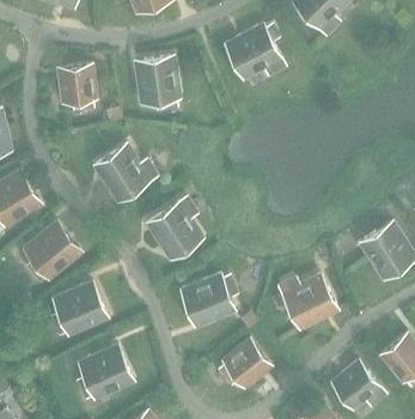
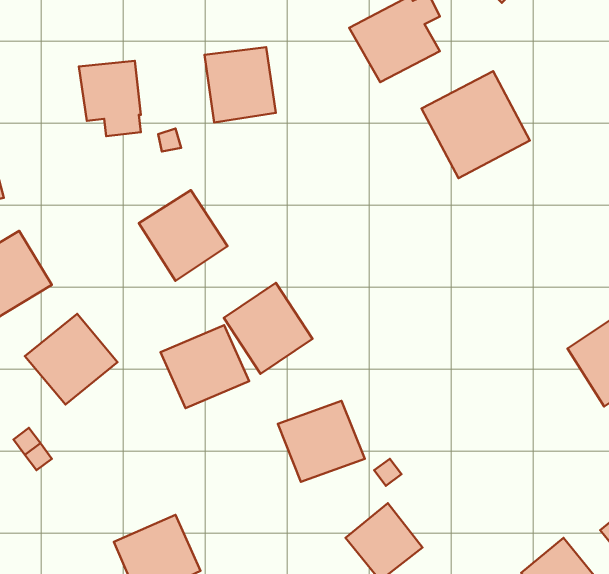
building: none -> [422,71,530,178]
building: [282,277,337,329] -> none
building: [53,284,108,335] -> [161,325,249,408]

